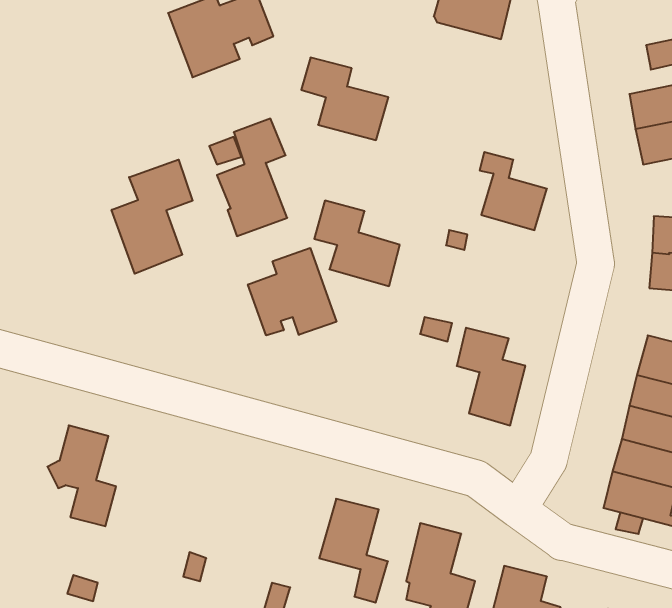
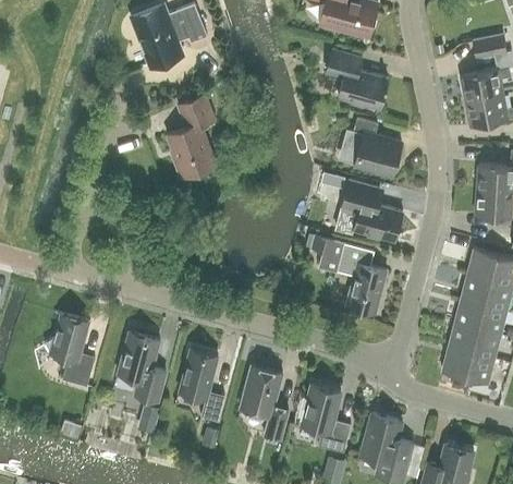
building: [301,58,388,140] -> [327,50,389,109]
building: [112,160,193,274] -> none
building: [314,201,400,286] -> [342,181,403,242]
building: [248,248,336,335] -> none
building: none -> [118,332,166,401]
building: none -> [179,349,224,422]

